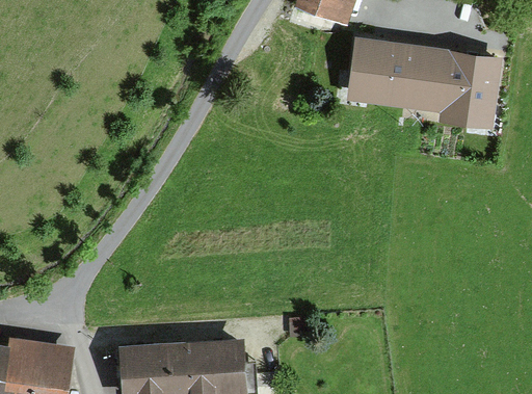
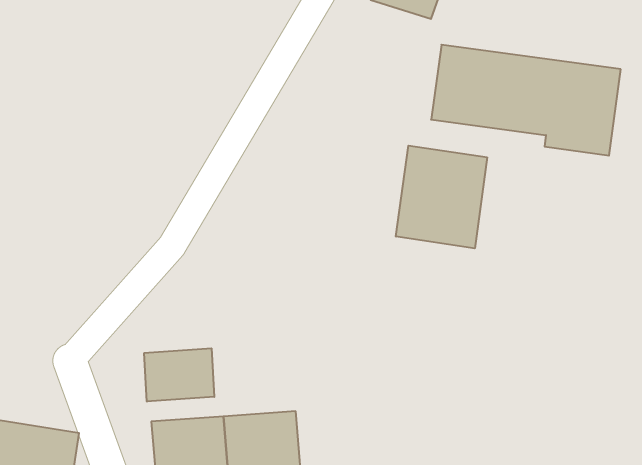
building: none -> [396,146,487,248]
building: none -> [144,348,214,402]

